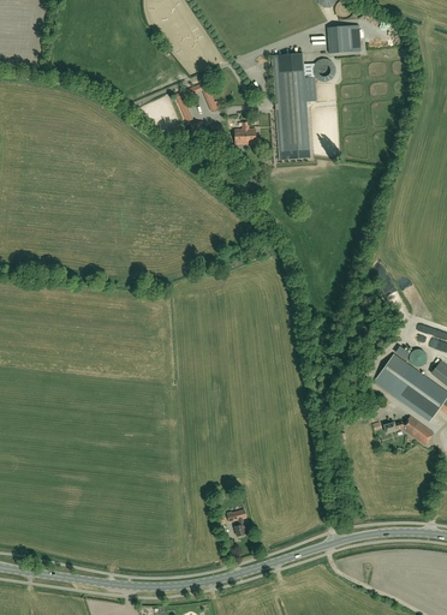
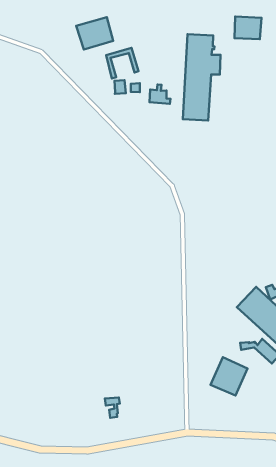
building: none -> [76,17,113,49]
building: none -> [210,357,248,395]

